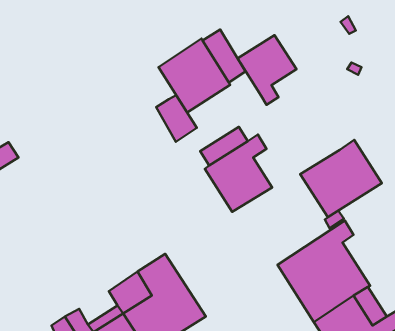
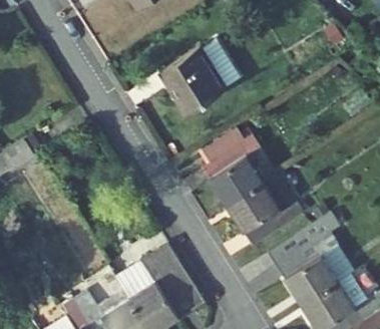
building: [238,35,297,105] -> none
building: [156,95,197,142] -> none
building: [300,140,382,217] -> [229,174,303,244]

